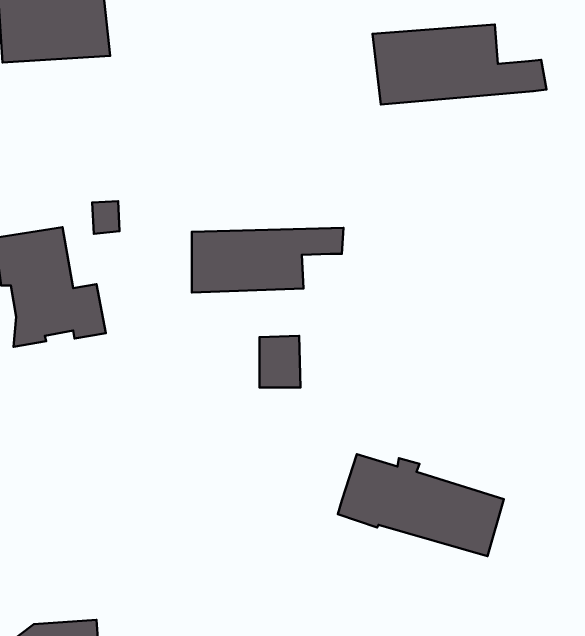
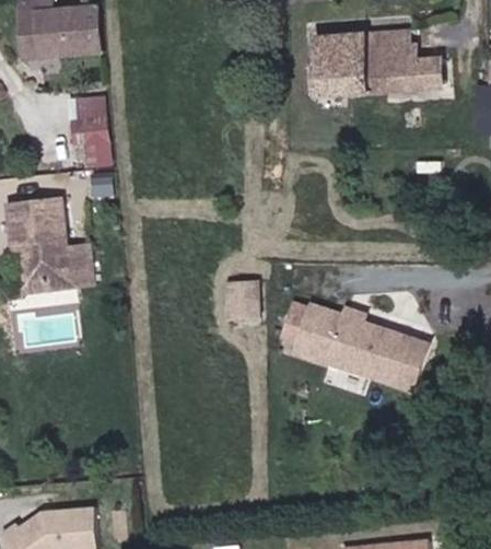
building: none -> [65,98,106,168]
building: [192,228,344,293] -> none
building: [338,454,504,556] -> [297,302,431,384]

